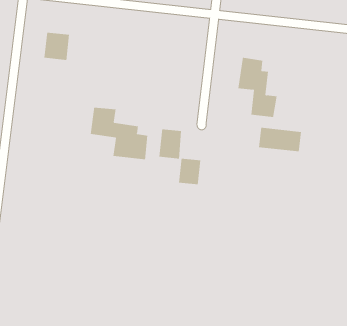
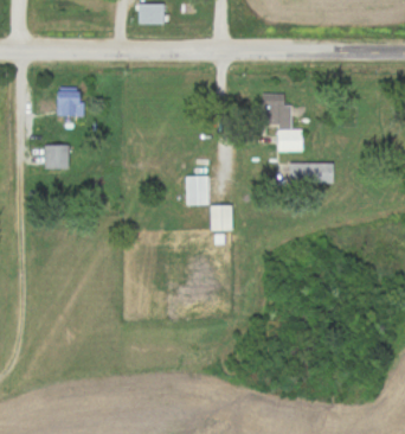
building: none -> [45,145,69,170]
building: [90,107,148,160] -> none

